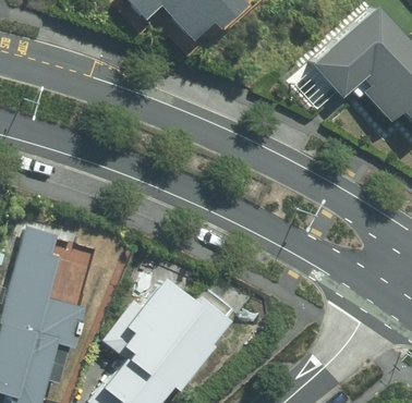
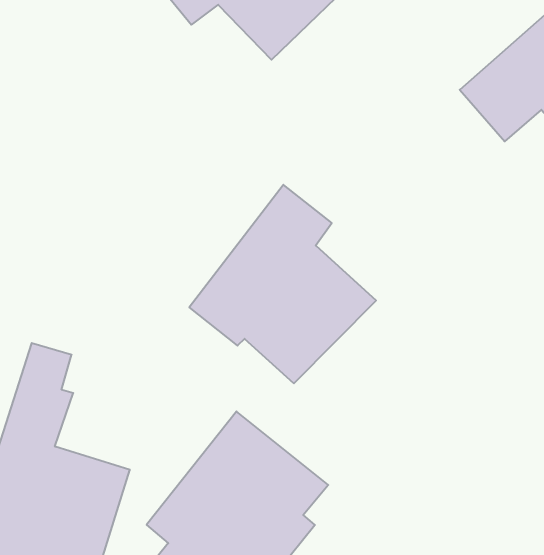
building: none -> [189,185,376,383]

